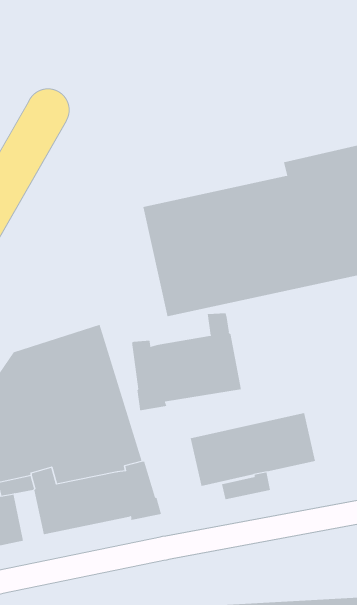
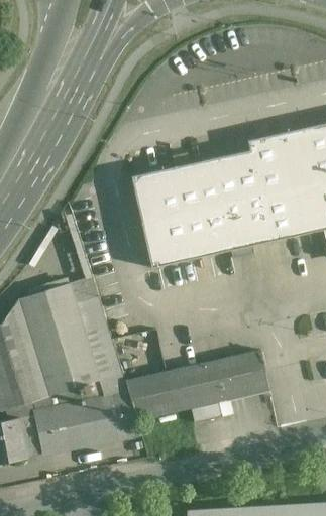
building: [132,313,241,411] -> none
building: none -> [126,371,176,420]

